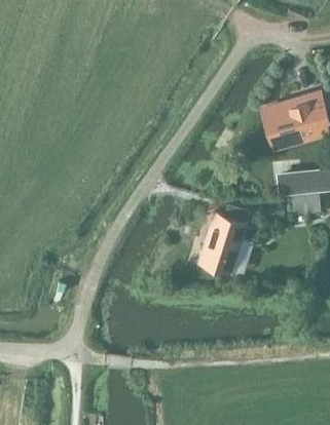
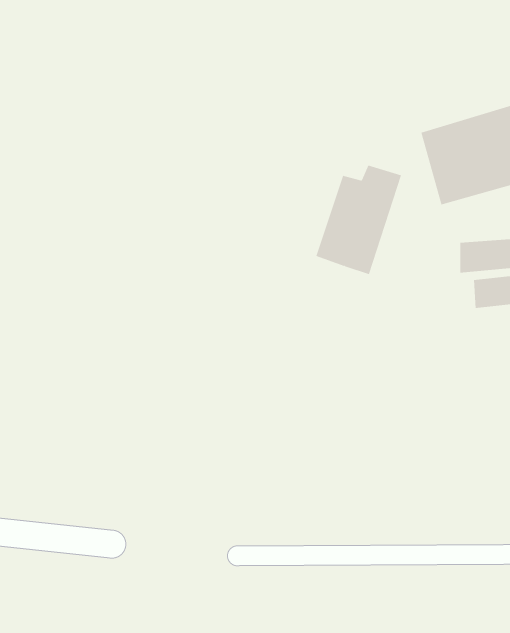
building: [196,206,249,273] -> [315,165,402,275]

